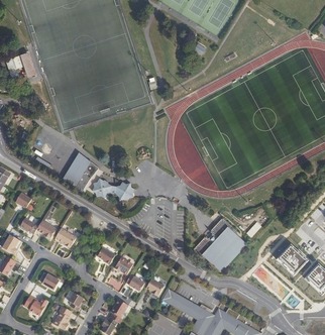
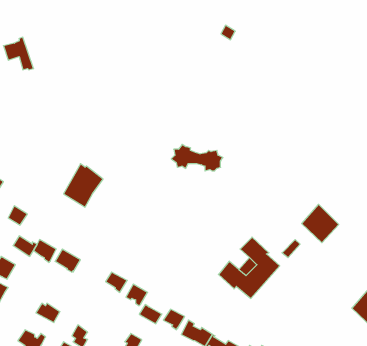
building: [91,178,134,200] -> [171,144,223,171]
building: [277,242,308,274] -> [302,204,339,243]

